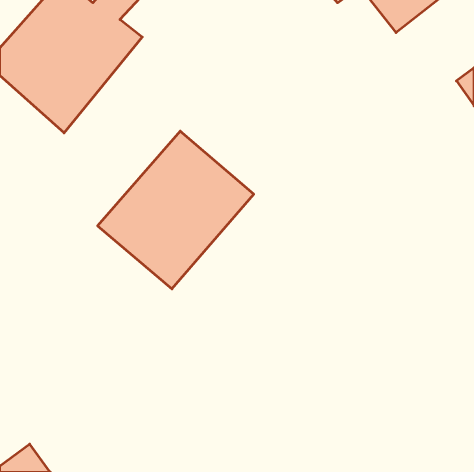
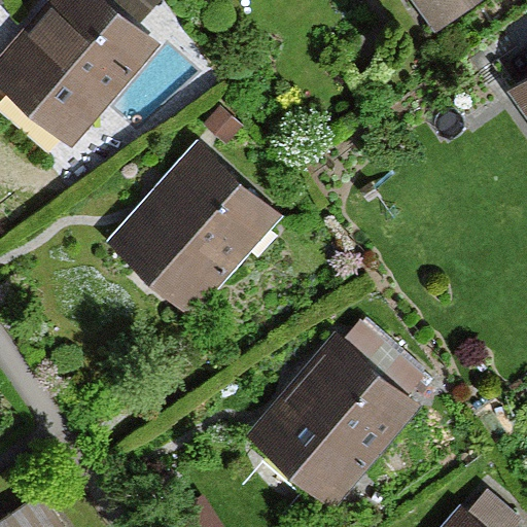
building: none -> [247,333,418,506]

